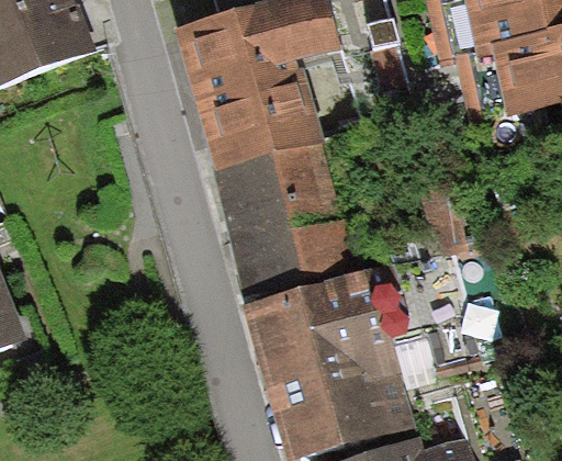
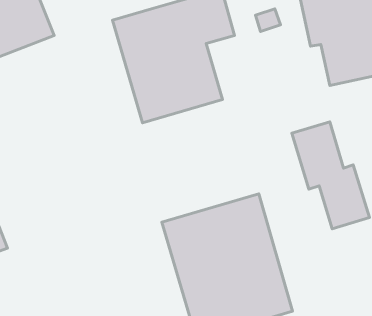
building: [215,137,373,302] -> none

